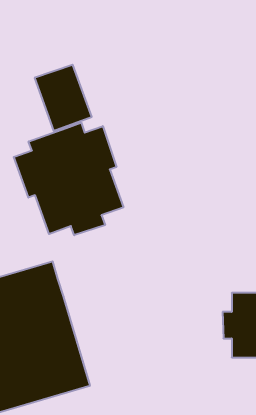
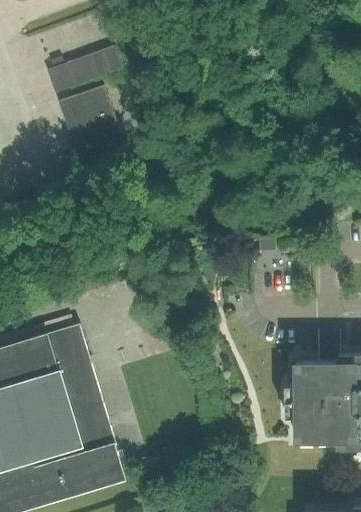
building: none -> [45,46,121,93]
building: [14,123,123,235] -> none

